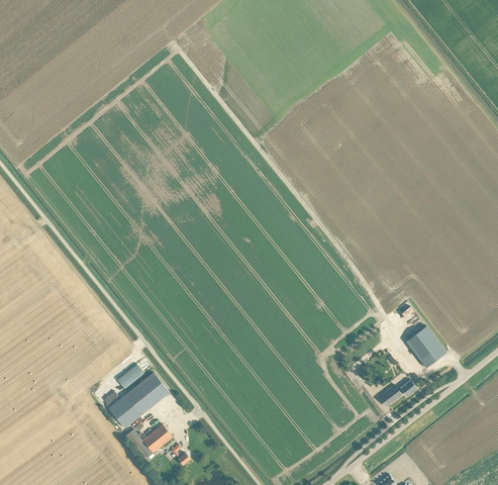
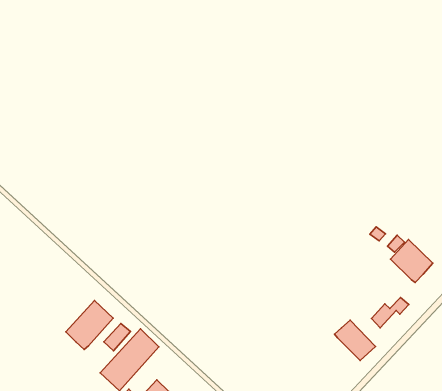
building: none -> [66,300,113,350]
building: none -> [335,320,375,361]

